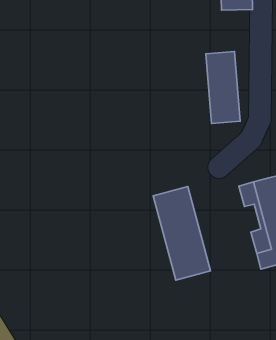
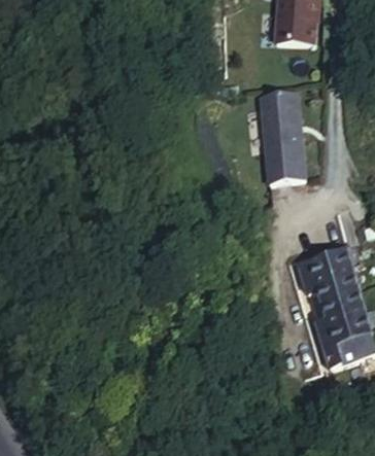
building: [153,187,211,280] -> none

